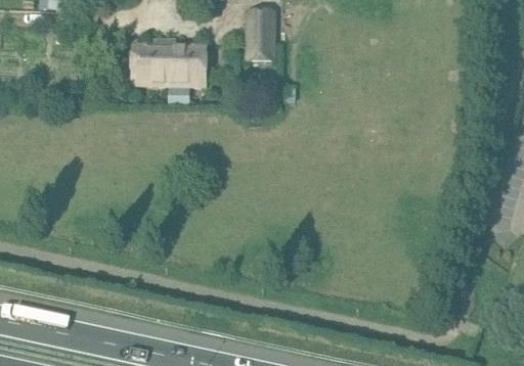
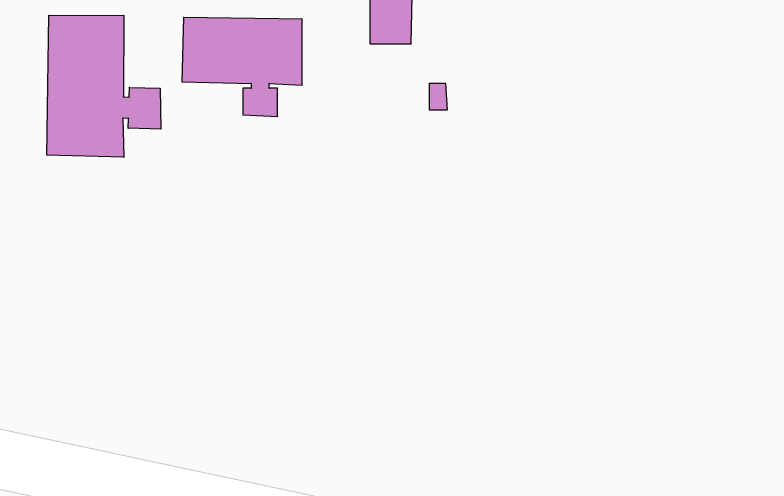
building: none -> [47,15,161,157]

